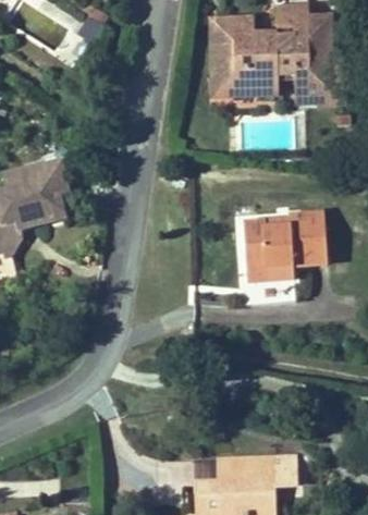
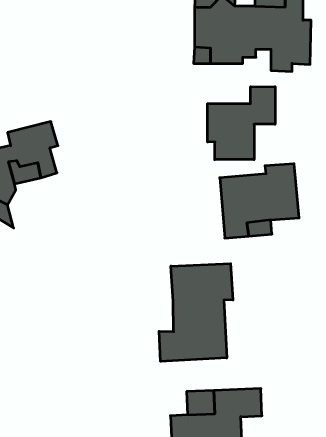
building: none -> [208,87,275,160]
building: none -> [159,264,233,361]

